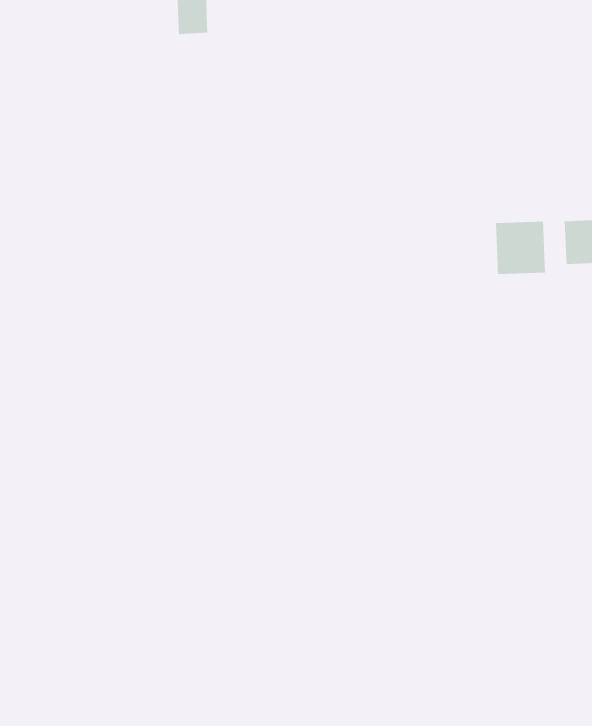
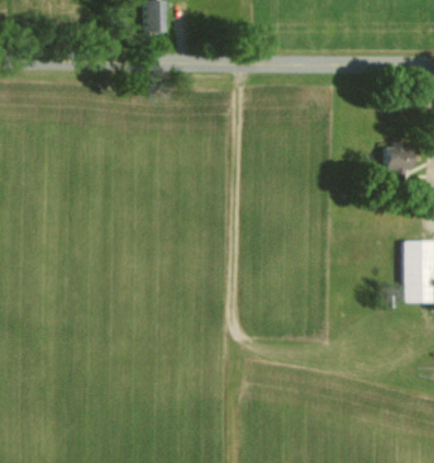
building: [495,221,546,275] -> none

